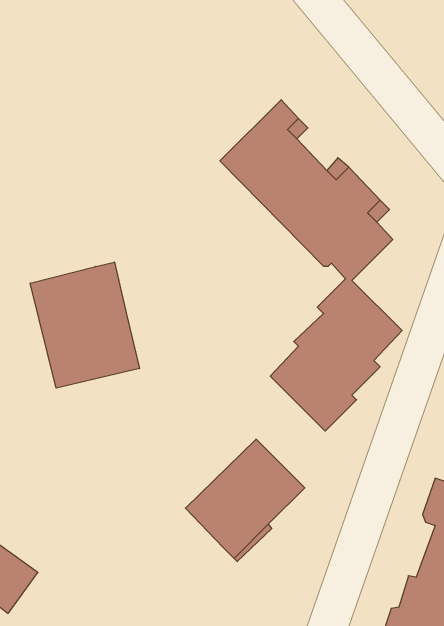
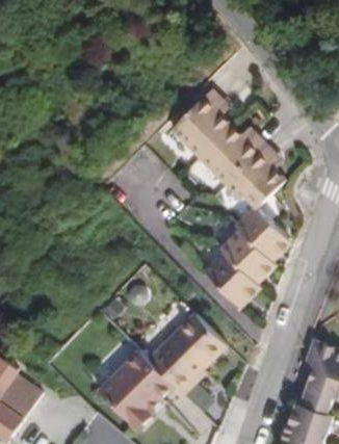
building: [30,262,139,388] -> none
building: none -> [99,352,172,428]

